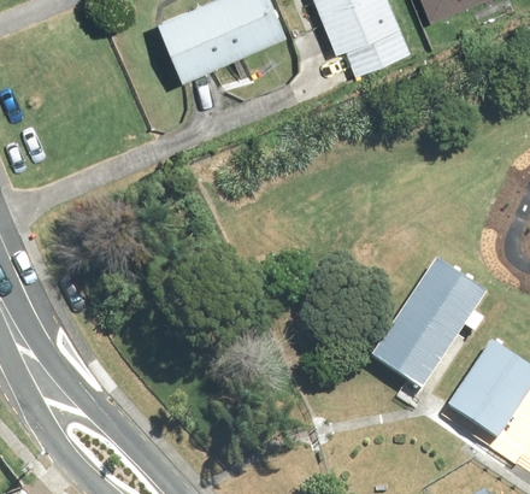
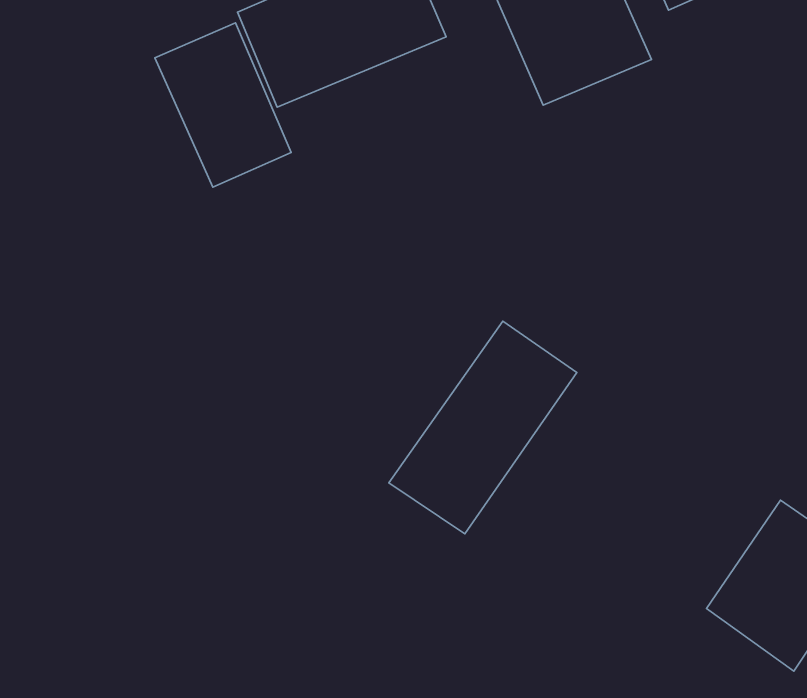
building: none -> [155,23,291,187]
building: [377,258,496,393] -> [389,321,577,534]

